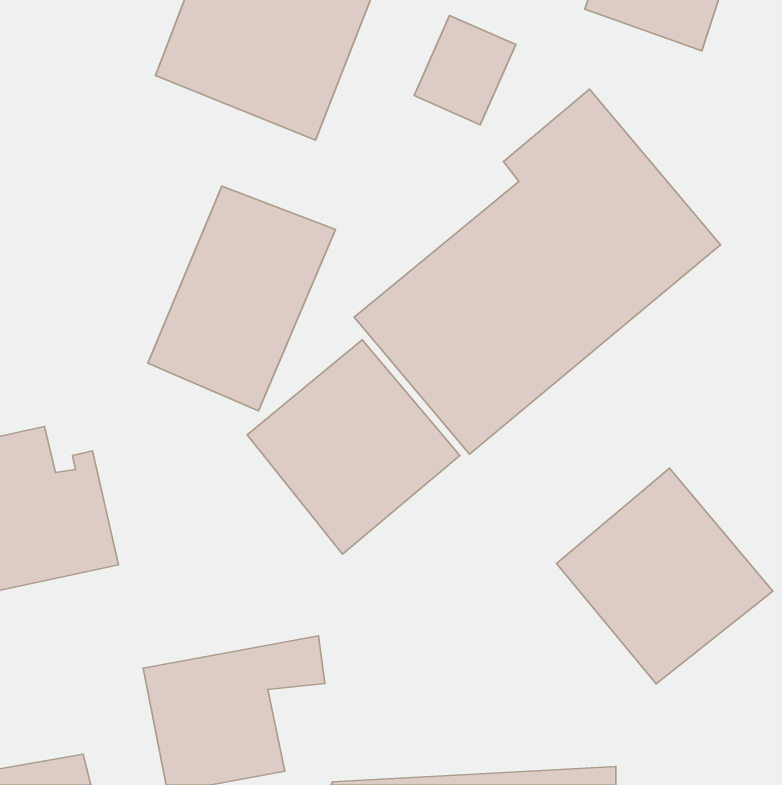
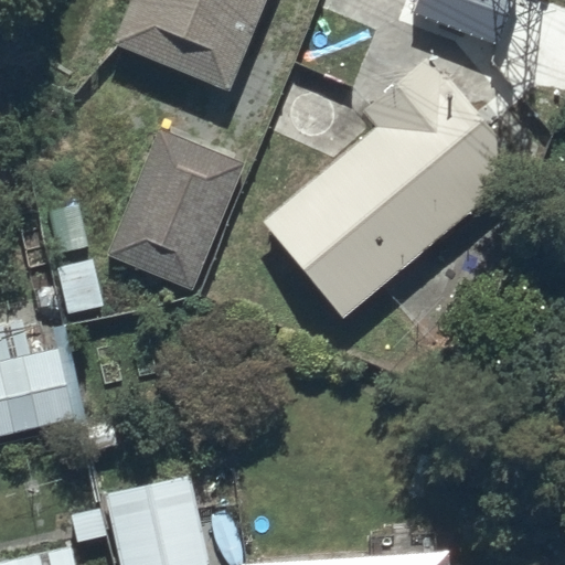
building: [247,340,460,554] -> none
building: [557,468,773,684] -> none

